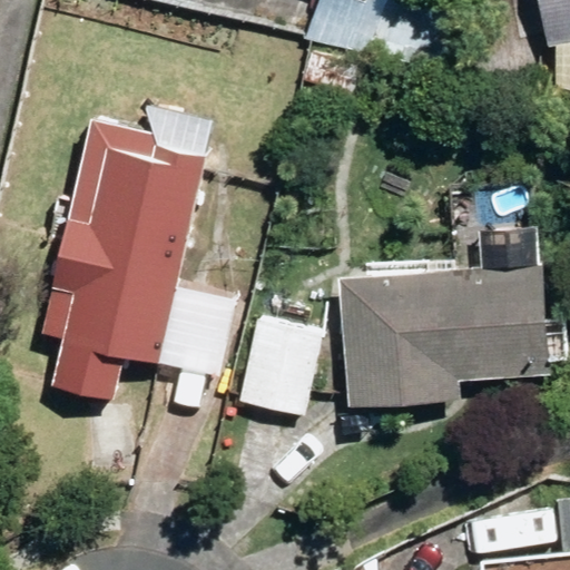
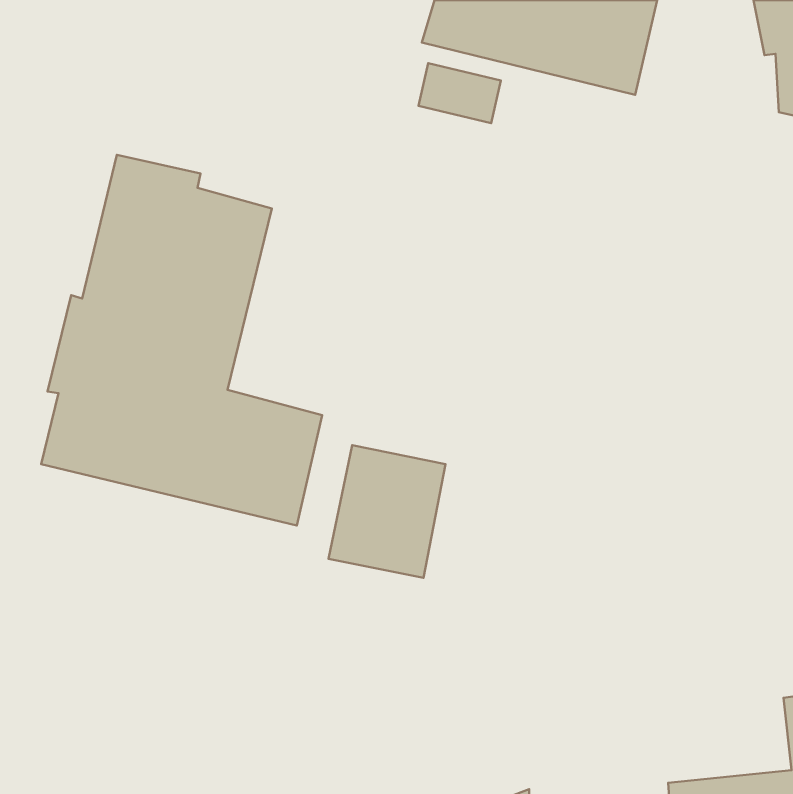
building: [340,265,549,407] -> none

